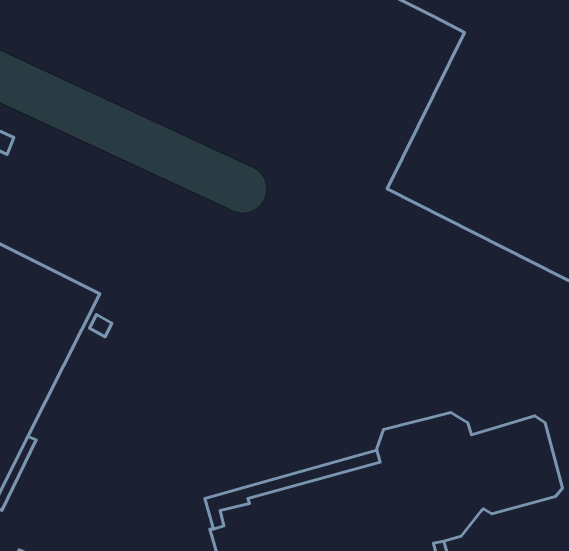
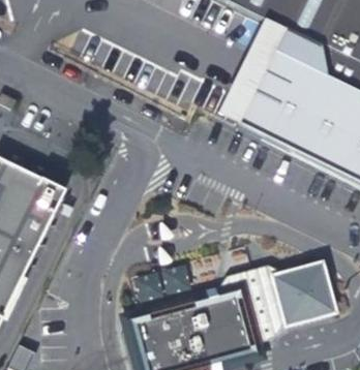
building: none -> [219,19,284,122]

